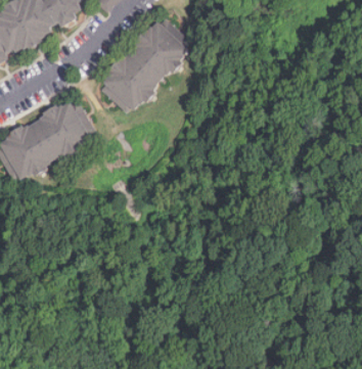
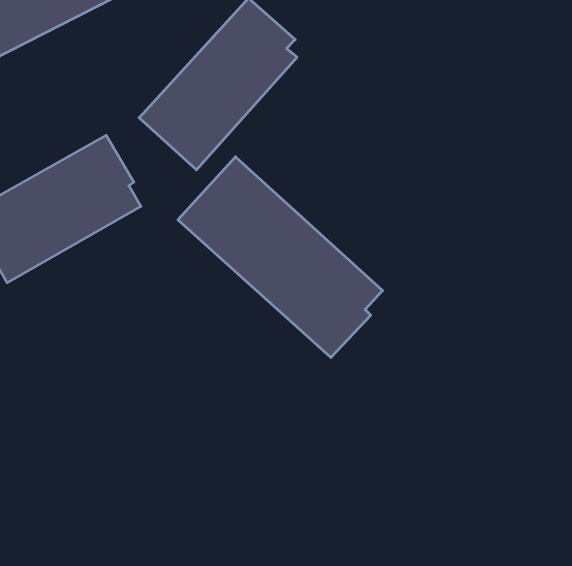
building: none -> [178,157,383,358]

